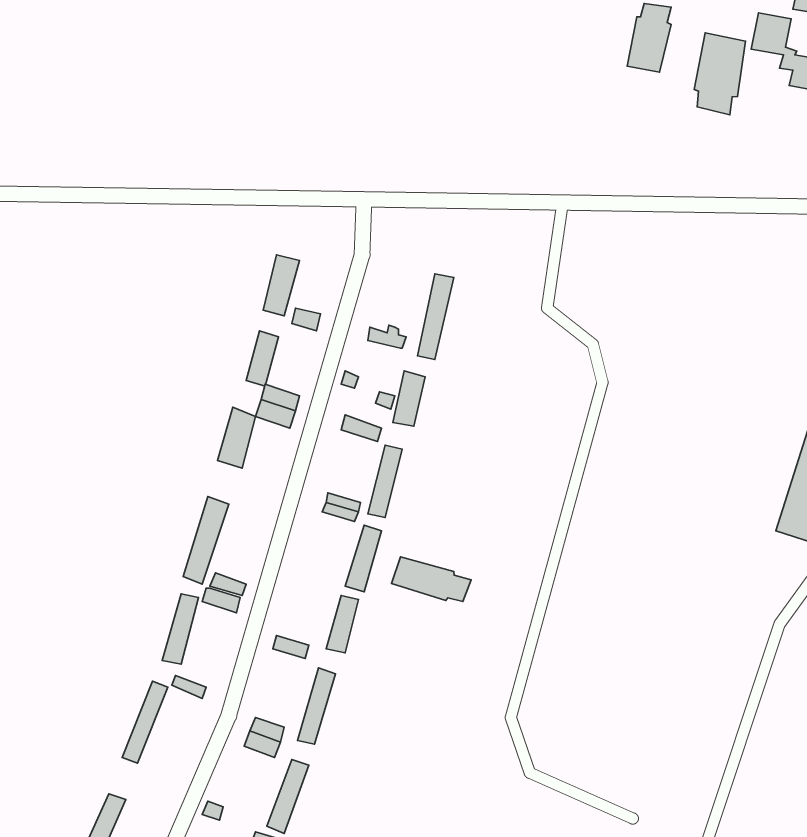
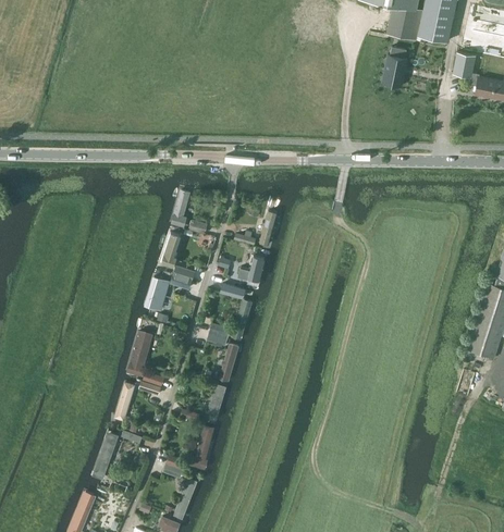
building: [694,33,745,115] -> none
building: [392,557,471,601] -> none

